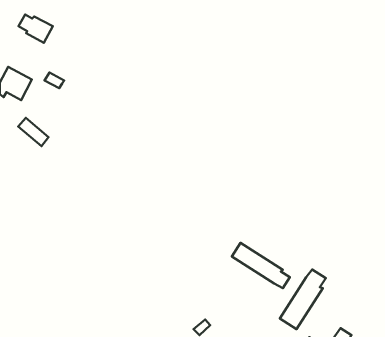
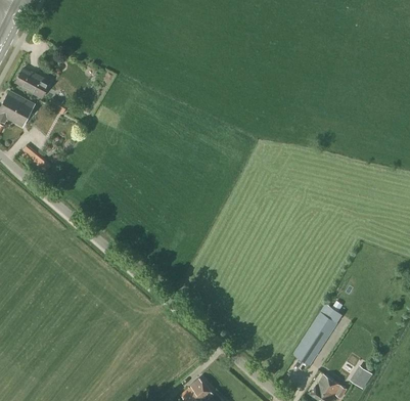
building: [18,15,53,43] -> [15,69,51,98]
building: [232,243,290,288] -> none

